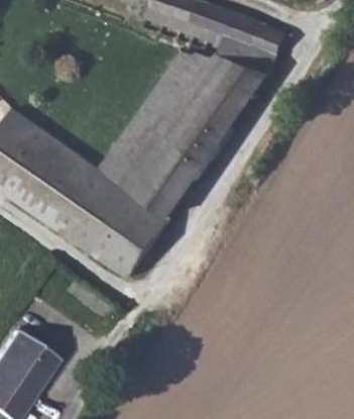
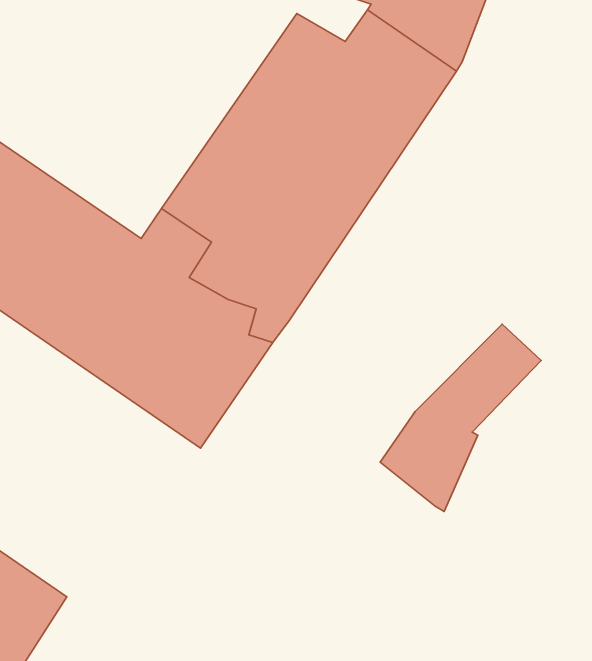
building: none -> [380,324,541,512]

